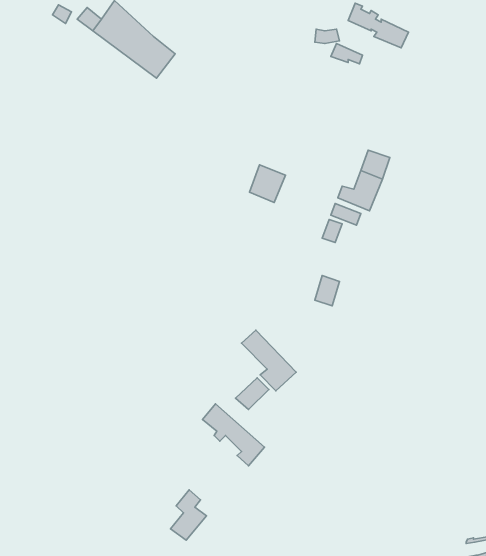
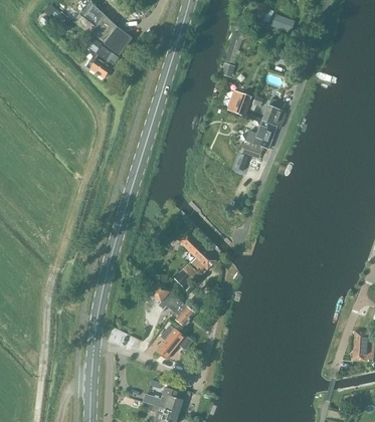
building: none -> [85,45,119,78]
building: [250,165,286,202] -> [225,89,250,116]
building: [170,490,206,540] -> [156,324,181,359]

